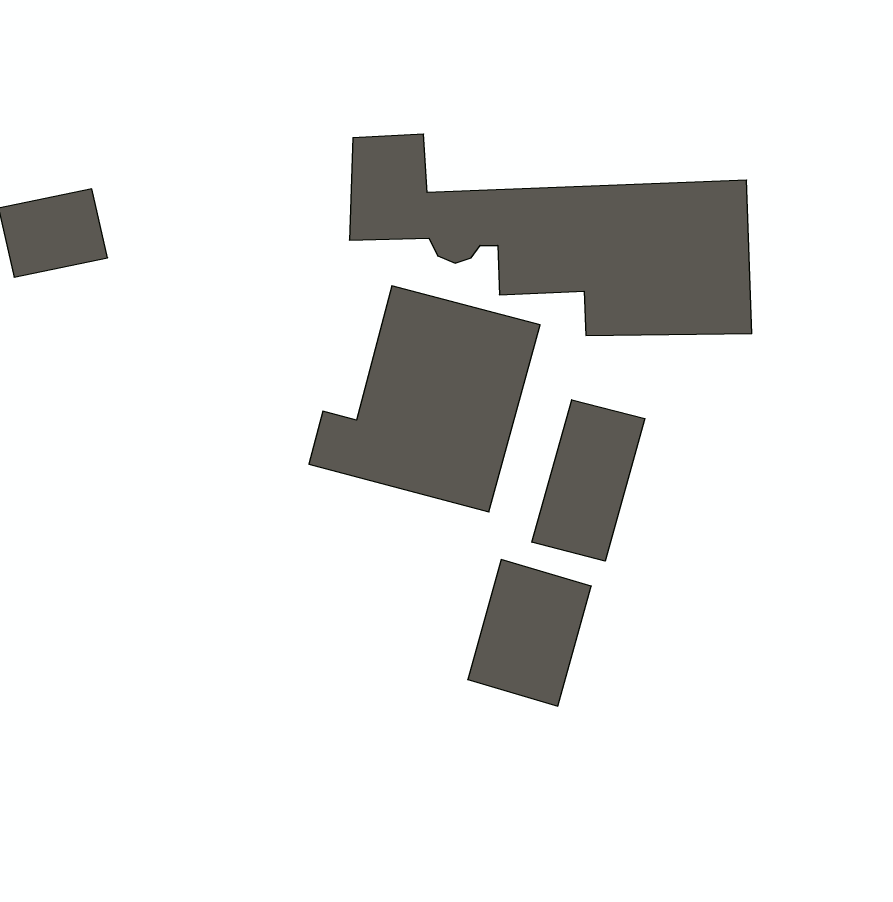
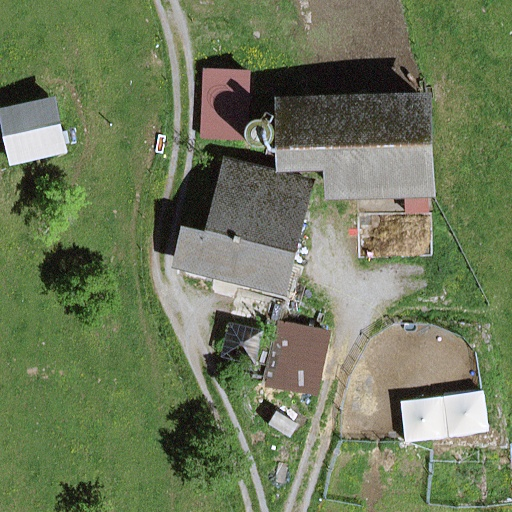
building: [532,400,645,561] -> none
building: none -> [406,389,495,440]

